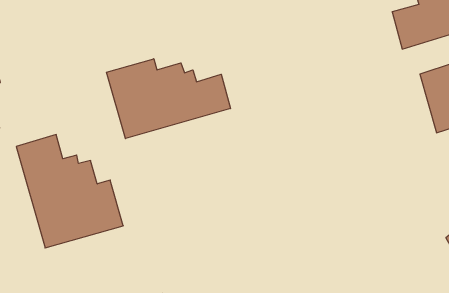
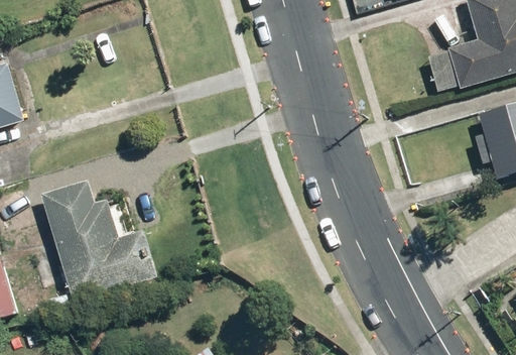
building: [107,59,230,139] -> none

